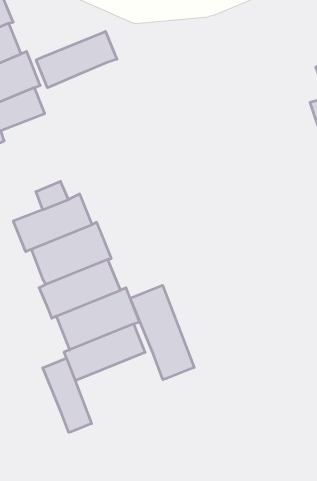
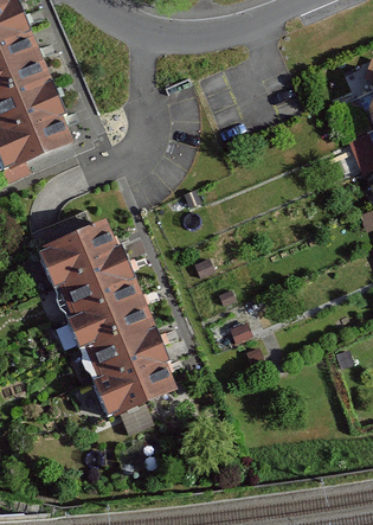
building: [36,31,117,88] -> none
building: [130,285,194,380] -> none
building: [43,358,92,432] -> none

